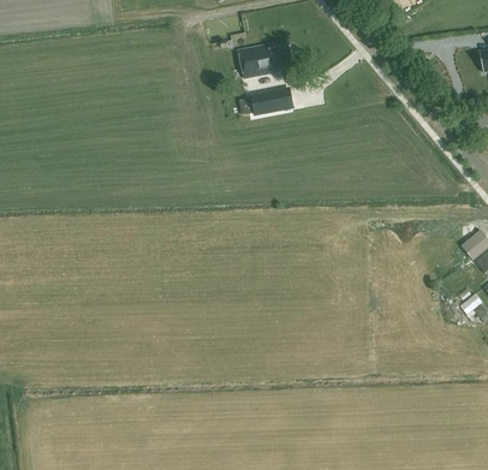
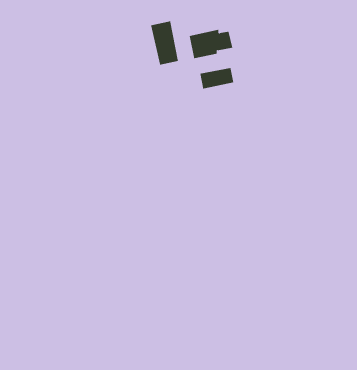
building: none -> [151,20,179,66]

